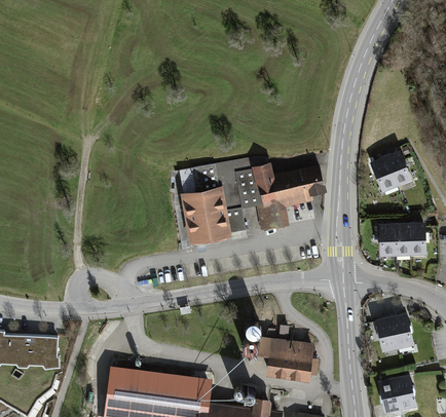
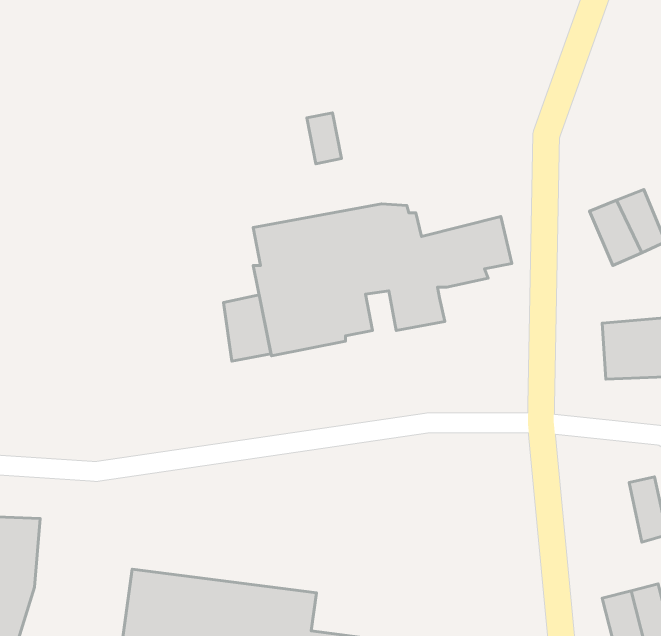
building: none -> [307,113,341,164]
building: none -> [223,295,271,361]
building: [375,316,400,353] -> none
building: [265,338,319,381] -> none

